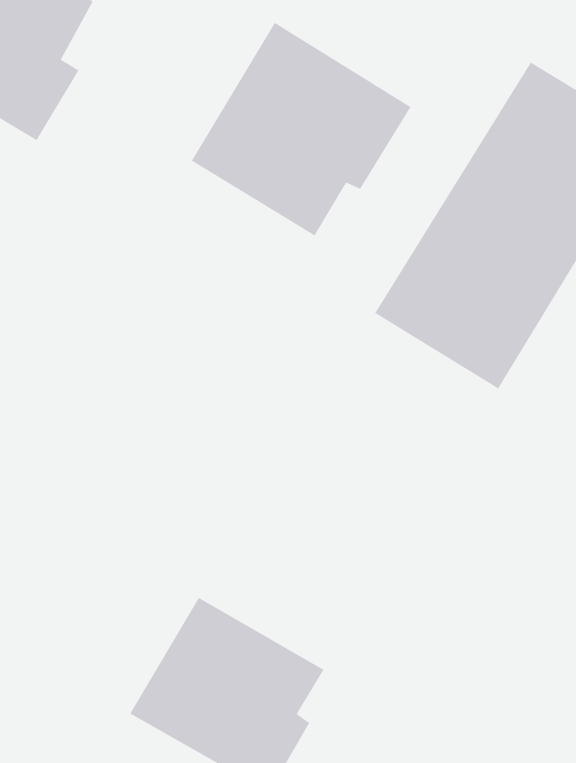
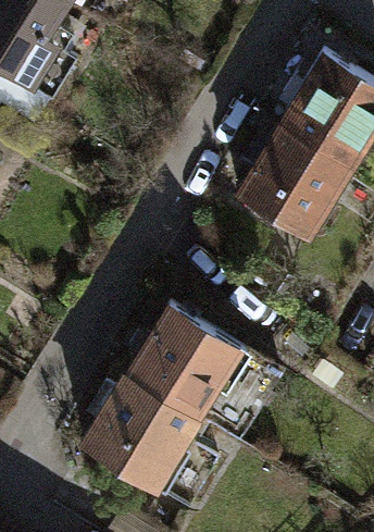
building: [191,22,412,237] -> none
building: none -> [123,307,249,420]

